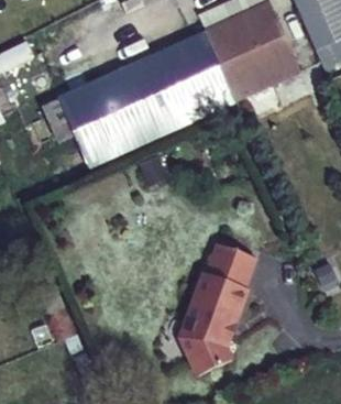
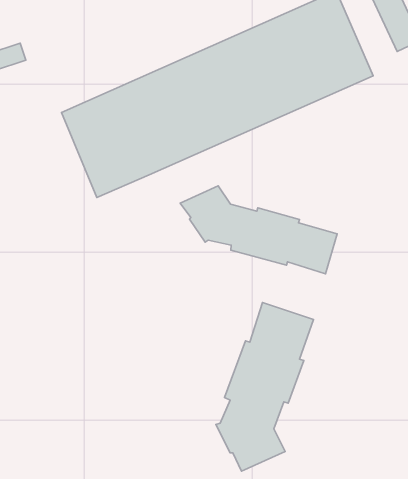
building: none -> [180,186,337,274]

